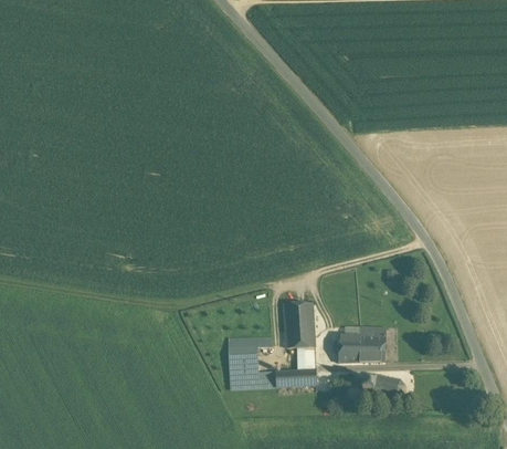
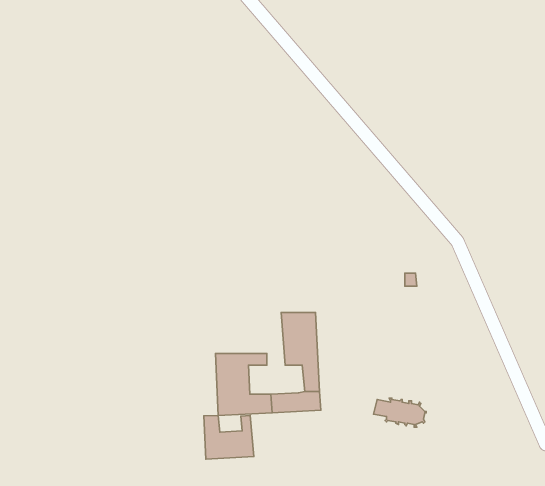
building: [338,326,387,363] -> none
building: none -> [204,415,254,459]

